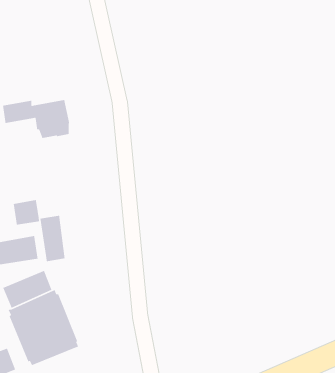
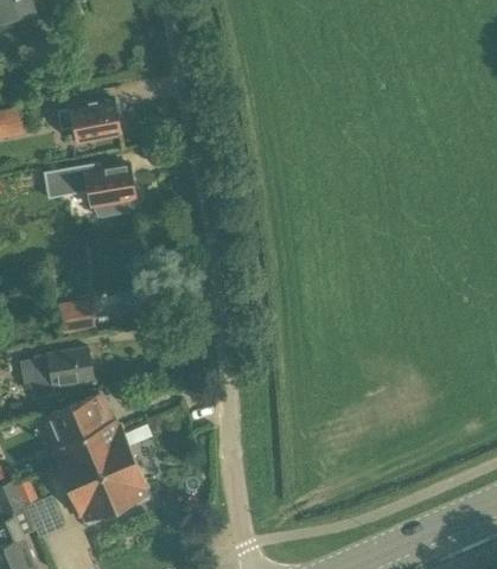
building: none -> [57,97,122,142]
building: [40,215,65,262] -> none

